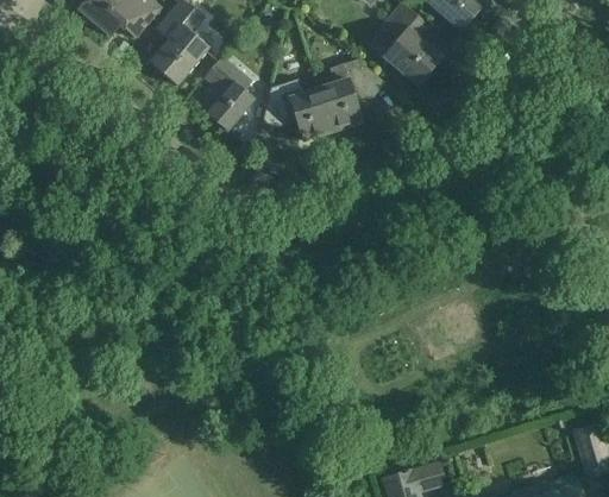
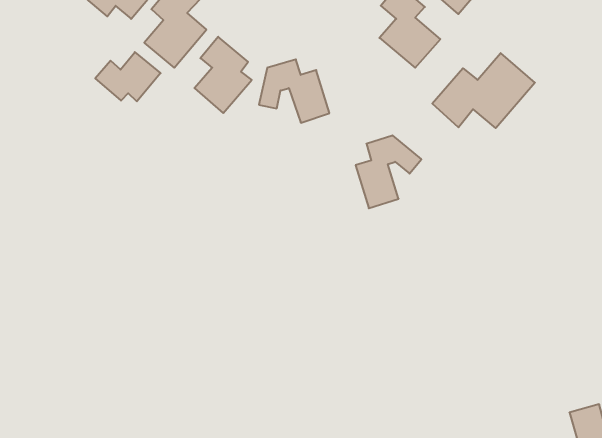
building: [321,58,387,131] -> [356,135,421,208]
building: none -> [95,52,161,101]
building: none -> [432,53,535,128]

